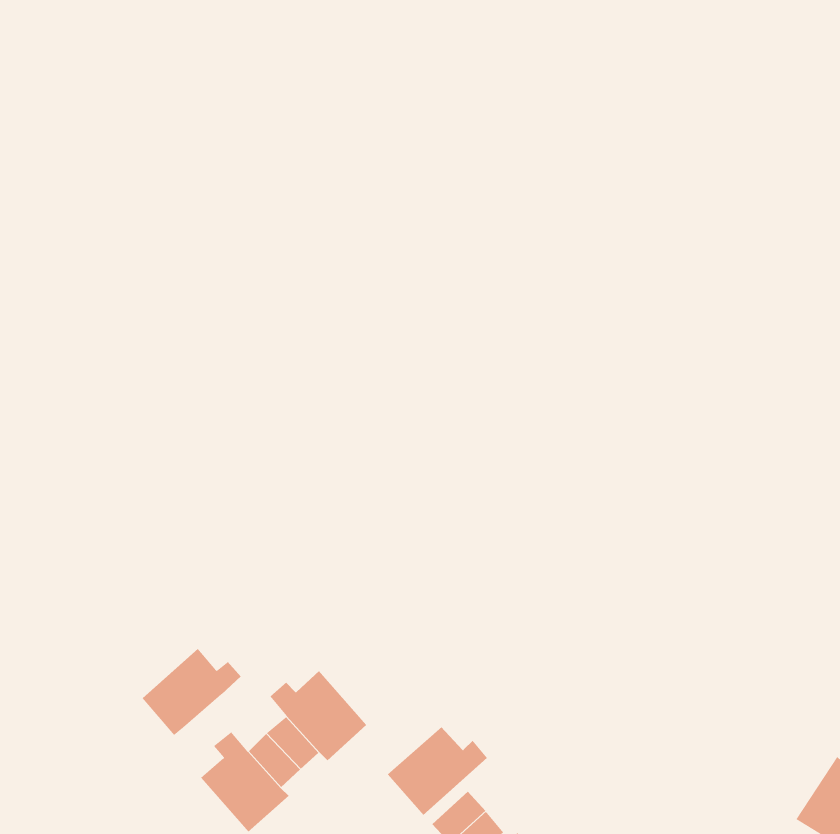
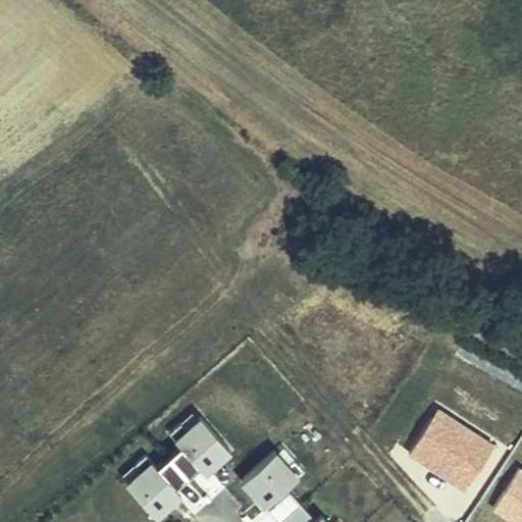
building: [142,648,241,736] -> none
building: none -> [409,415,493,494]

